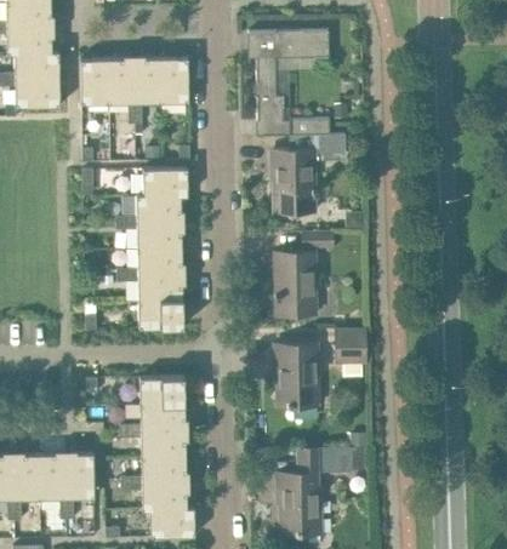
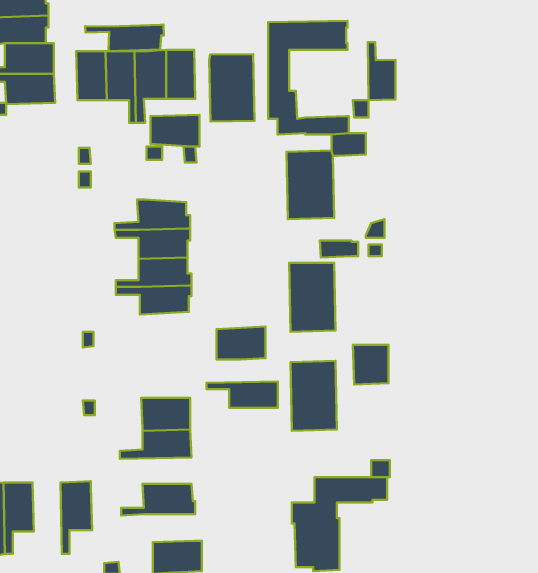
building: none -> [85,25,164,51]
building: none -> [368,42,396,100]
building: none -> [209,54,254,121]
building: [142,168,187,198] -> [151,115,199,147]
building: [137,298,182,328] -> [217,327,266,360]
building: [119,431,184,456] -> [207,381,278,408]
building: [39,454,65,520] -> none
building: [120,484,188,509] -> none

